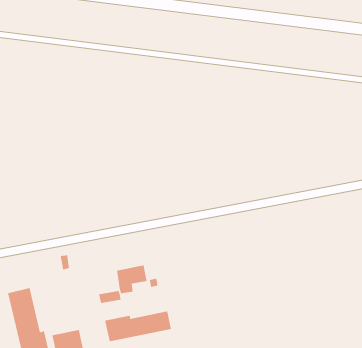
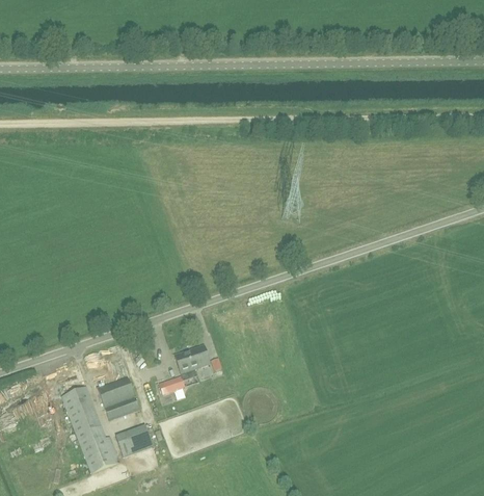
building: none -> [98,375,139,419]
building: [104,311,172,342] -> none

